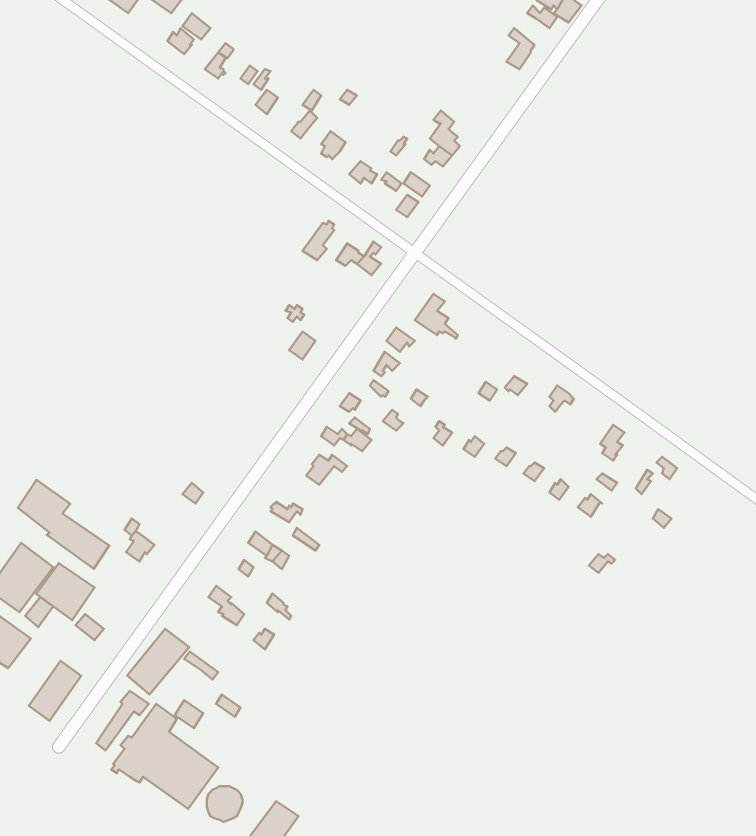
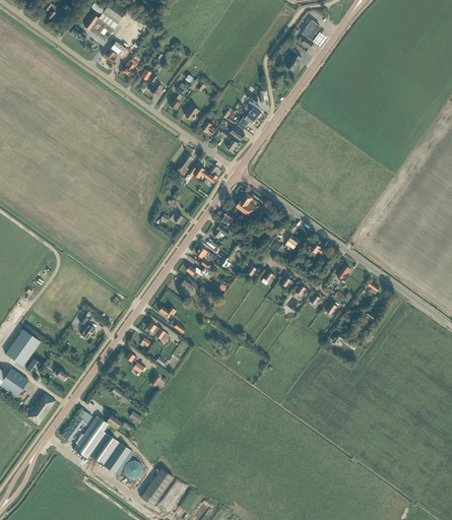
building: [18,480,109,569] -> none
building: [36,563,95,620] -> none
building: [127,629,189,695] -> none

